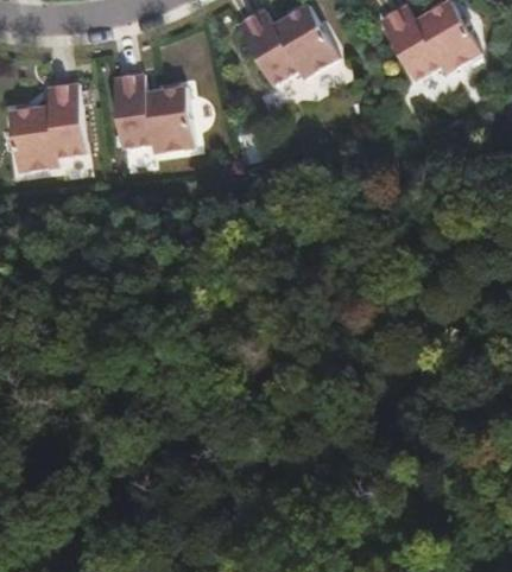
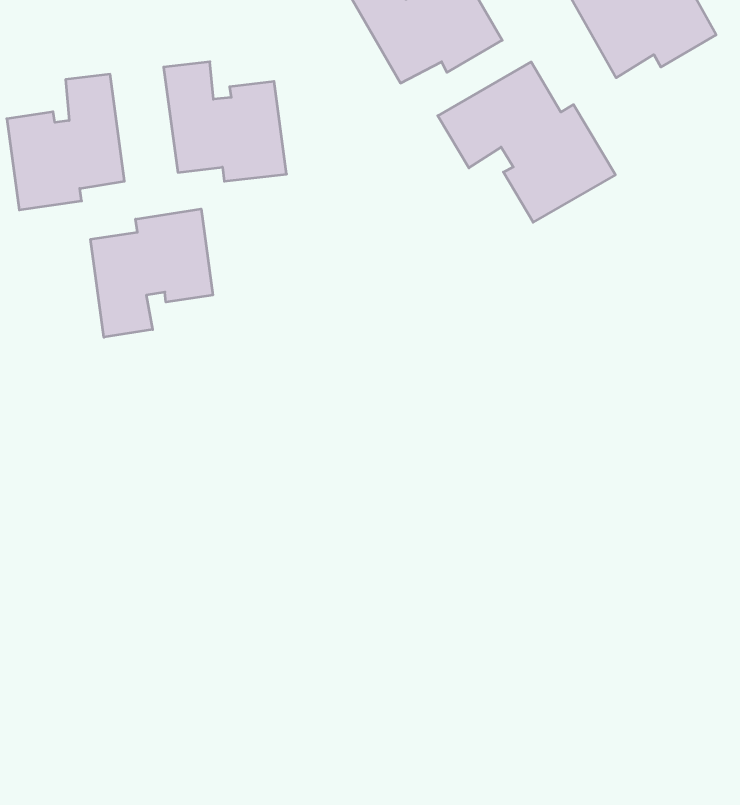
building: none -> [438,62,615,222]
building: none -> [91,209,213,337]

